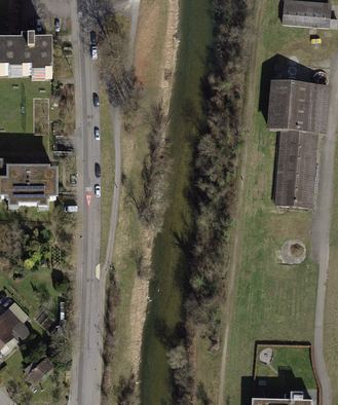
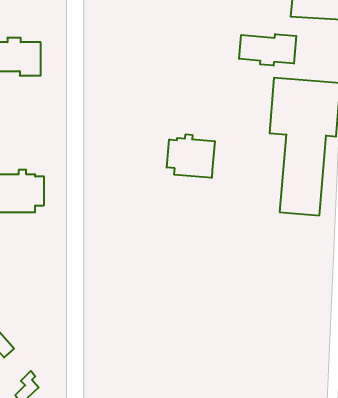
building: none -> [239,34,296,66]
building: none -> [167,134,215,178]

